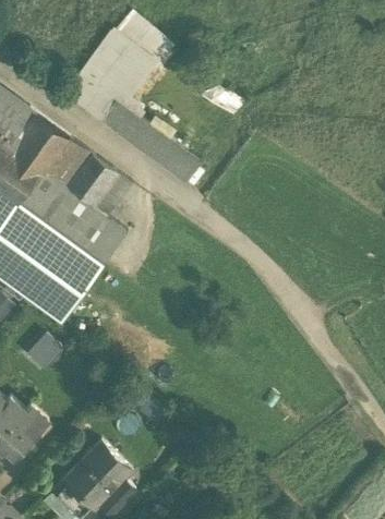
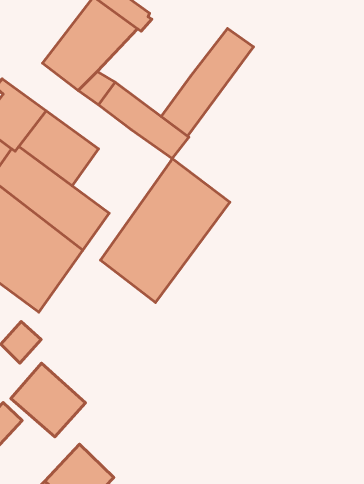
building: none -> [161,29,254,136]
building: none -> [100,158,230,302]
building: none -> [11,363,86,437]

